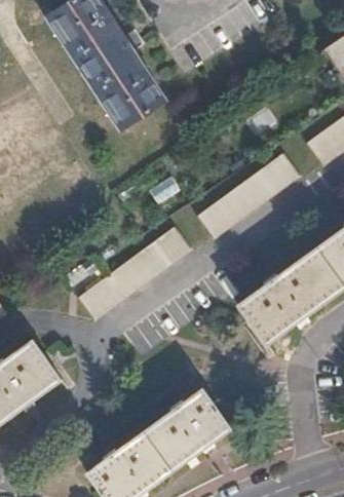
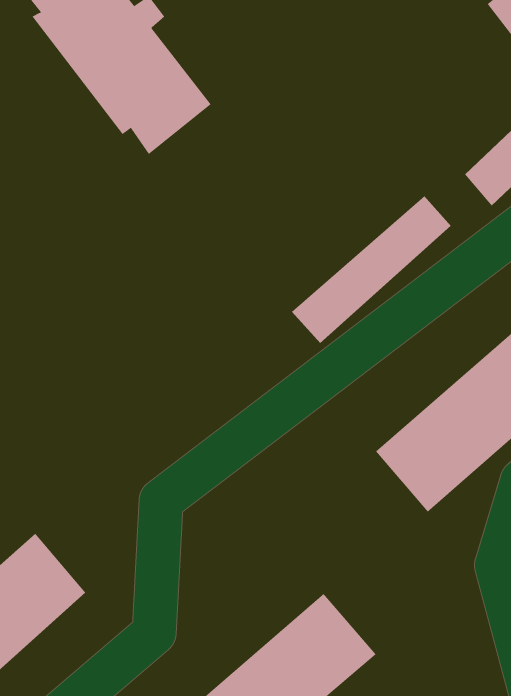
building: [79,229,189,319] -> none

